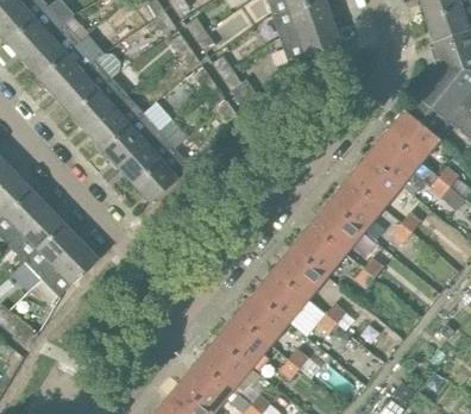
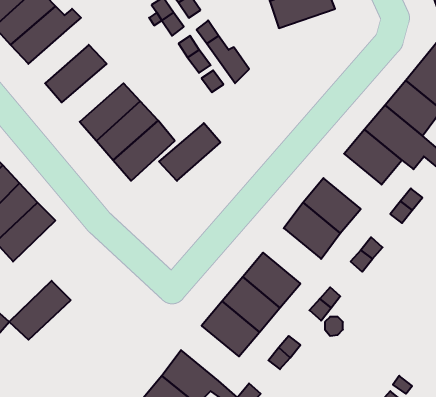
building: [56,59,112,113] -> none
building: [87,95,144,149] -> [159,123,220,181]
building: [329,178,383,230] -> none
building: [42,240,99,295] -> [9,281,71,340]
building: [274,247,327,299] -> none
building: [197,338,251,389] -> none

